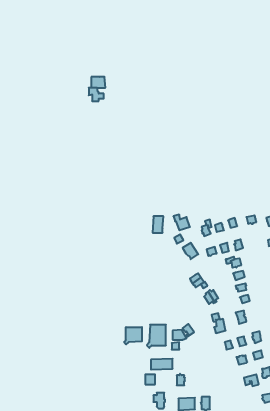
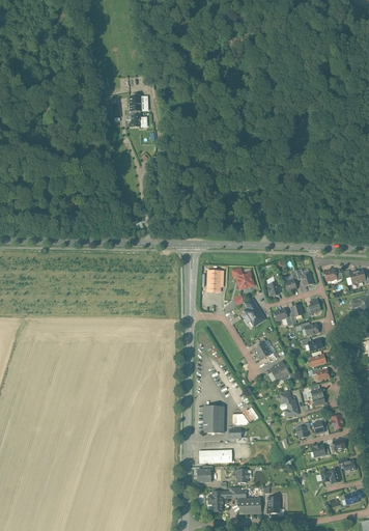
building: [124,327,142,344] -> none

